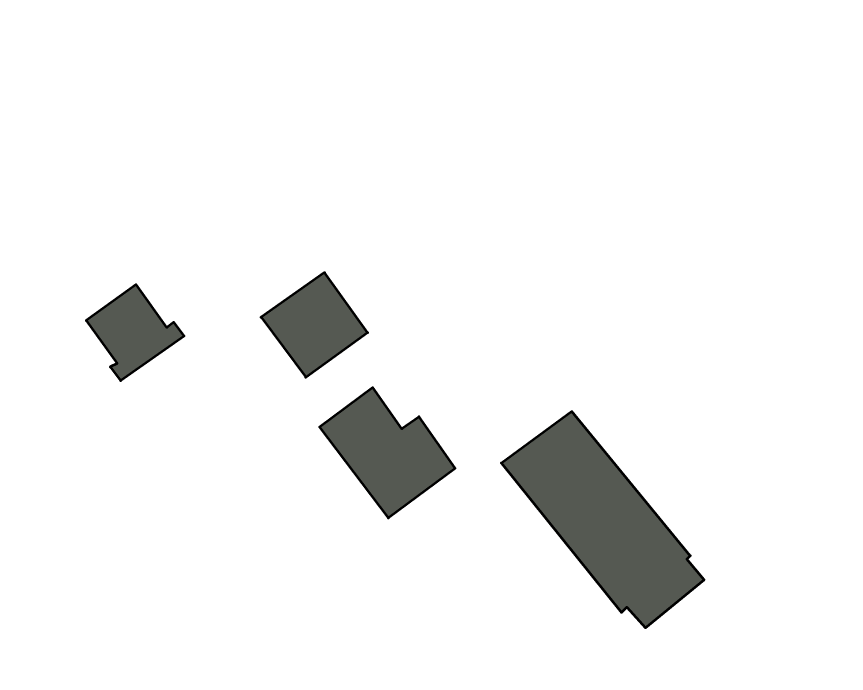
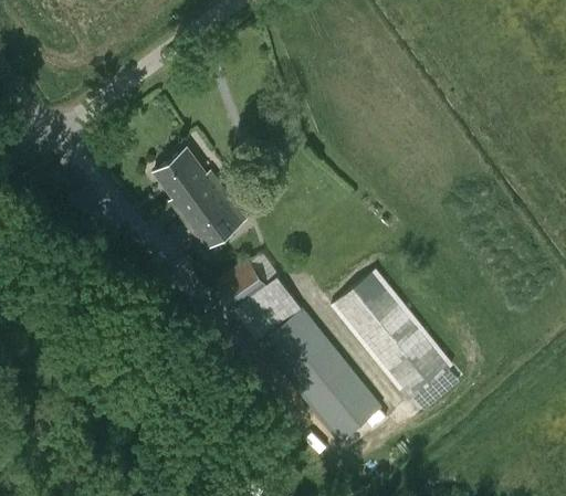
building: [86,285,184,381] -> [155,149,218,211]
building: none -> [259,309,388,441]

